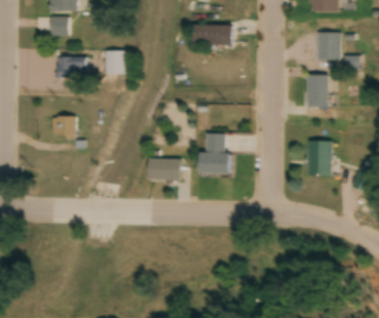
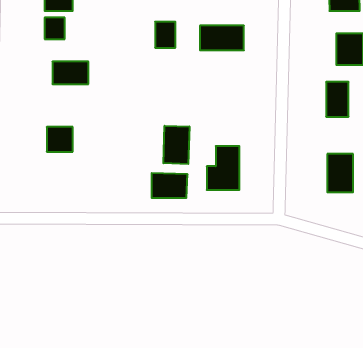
building: [106,49,124,73] -> [155,22,175,48]
building: none -> [163,126,189,164]

